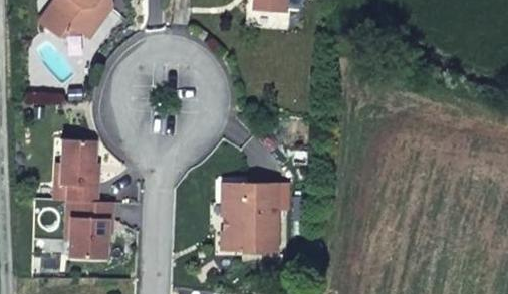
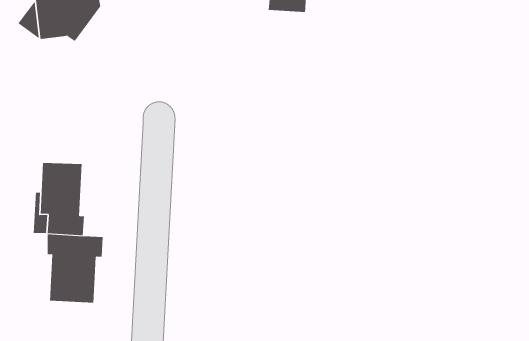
building: [222,182,279,251] -> none

